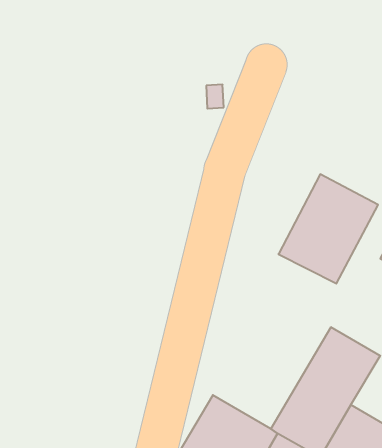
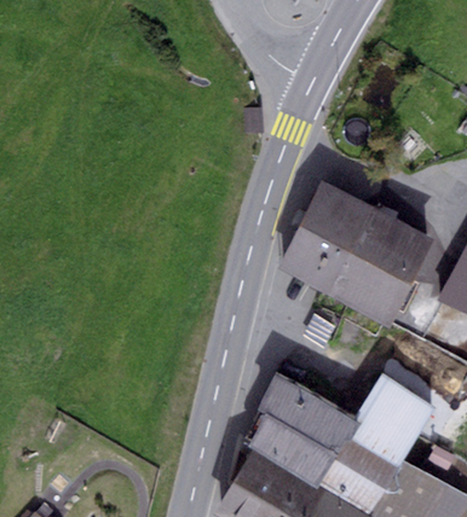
building: none -> [277,180,370,292]
building: none -> [246,373,356,486]

